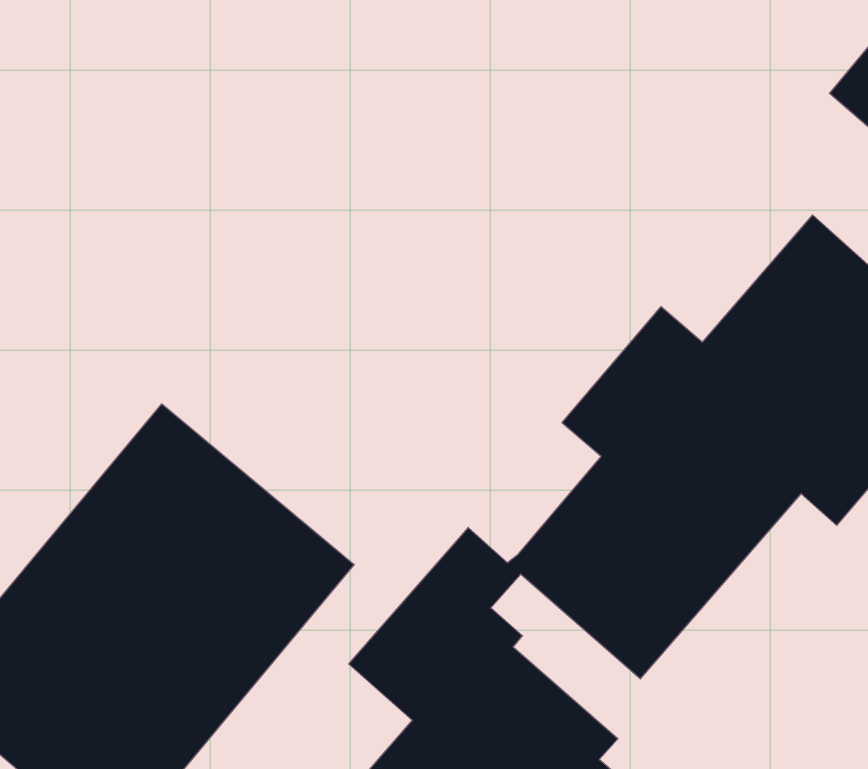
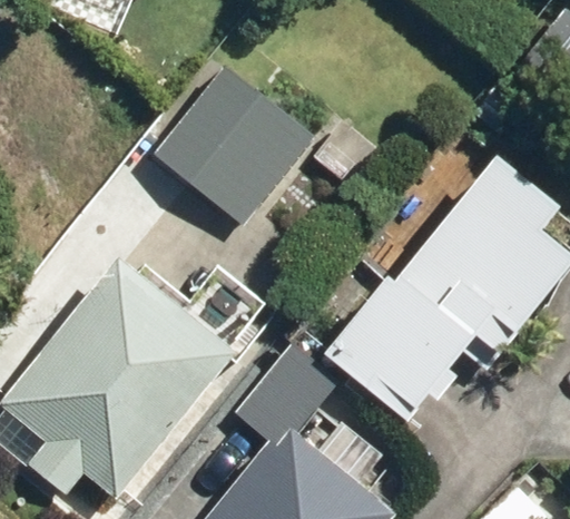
building: none -> [149,58,317,227]

